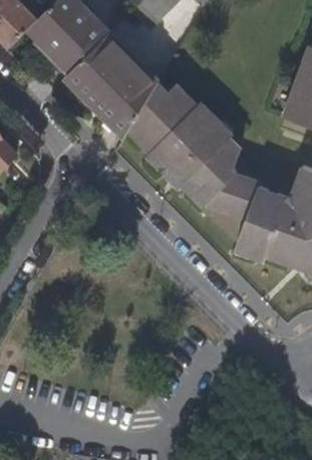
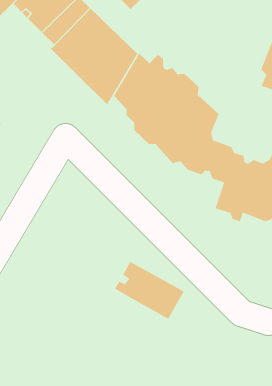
building: none -> [114,261,185,320]

